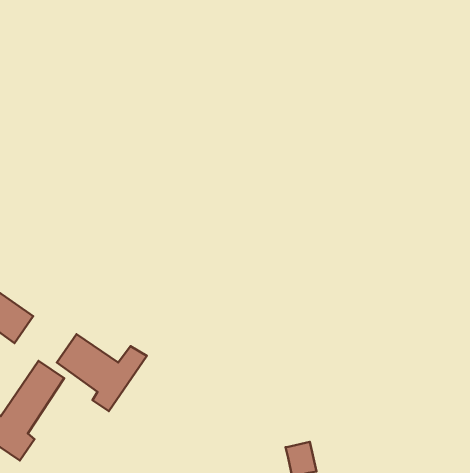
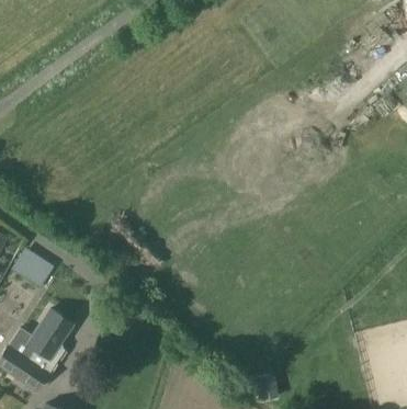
building: [57,334,147,411] -> none

